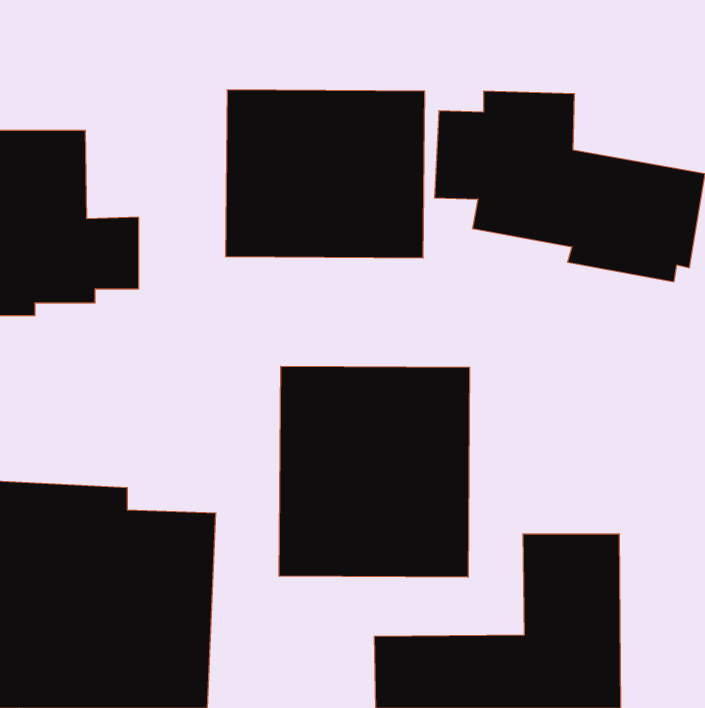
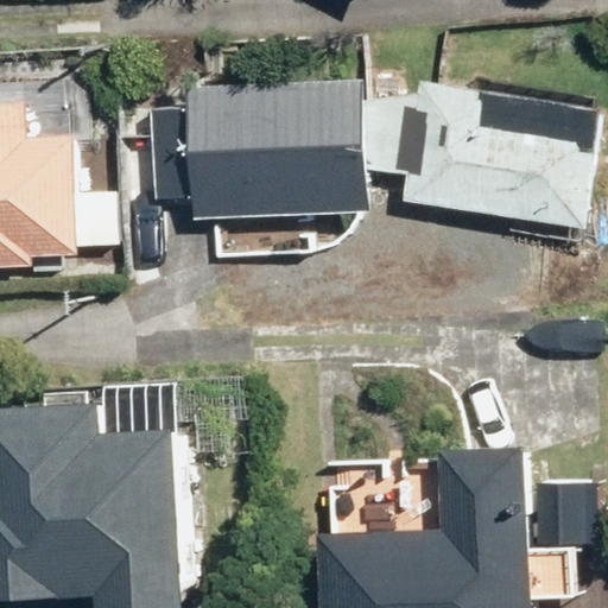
building: [279,366,470,577] -> none

